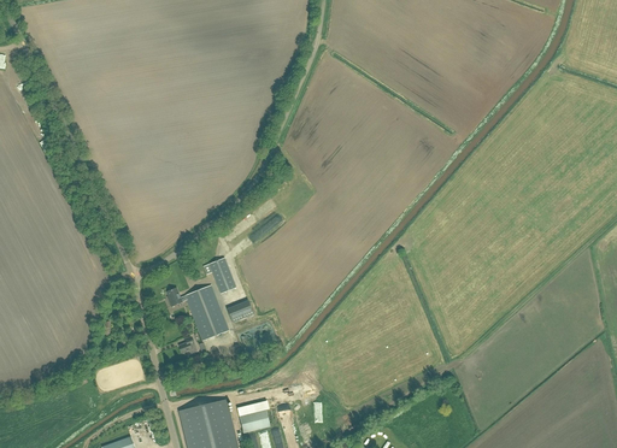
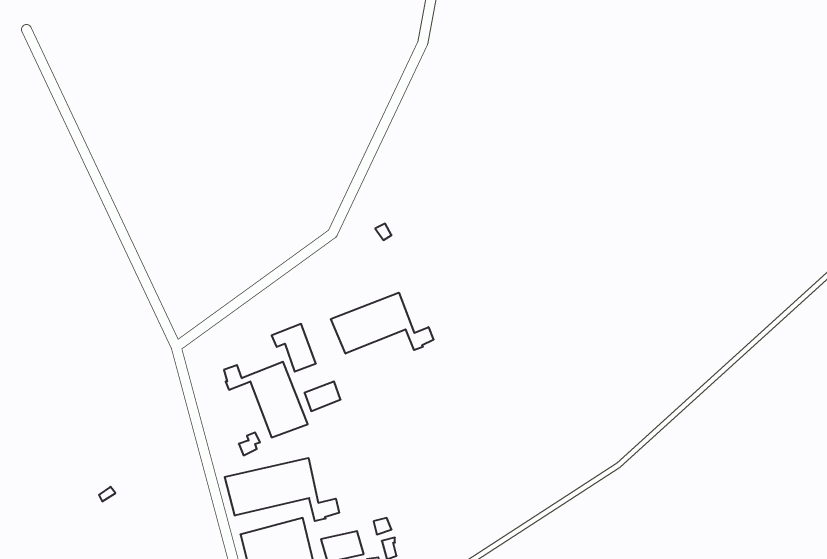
building: none -> [331,293,434,354]
building: none -> [225,458,339,521]

